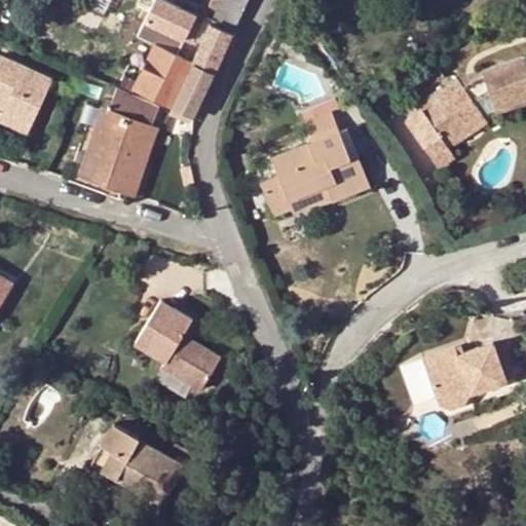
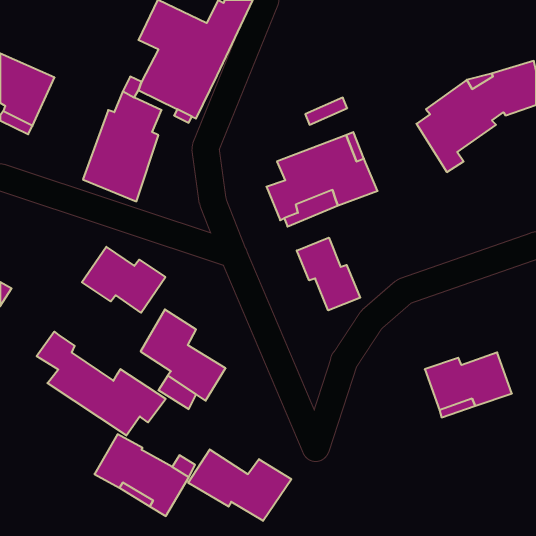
building: none -> [297,238,360,310]
building: none -> [82,247,165,313]
building: none -> [37,332,166,436]
building: none -> [188,449,291,521]

